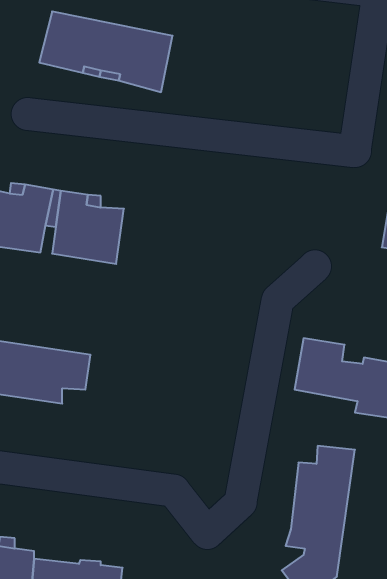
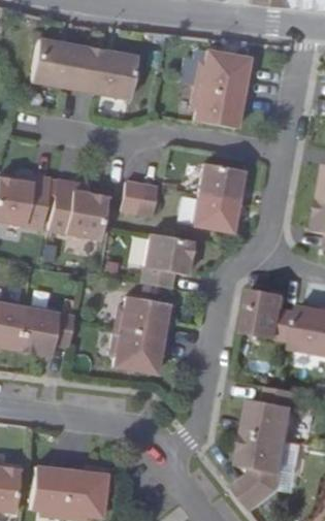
building: none -> [191,41,251,119]
building: none -> [188,159,239,228]
building: none -> [120,180,156,214]
building: none -> [144,230,196,285]
building: none -> [113,294,171,371]

